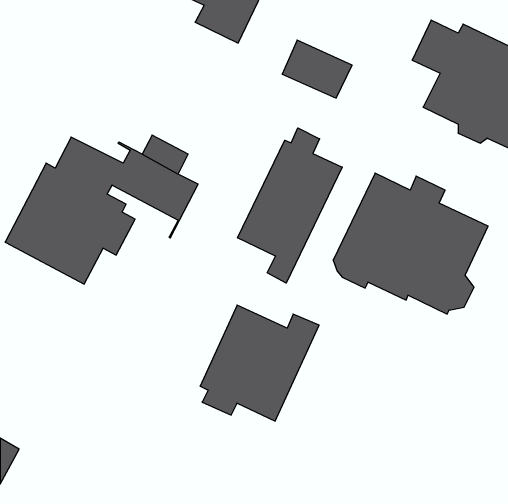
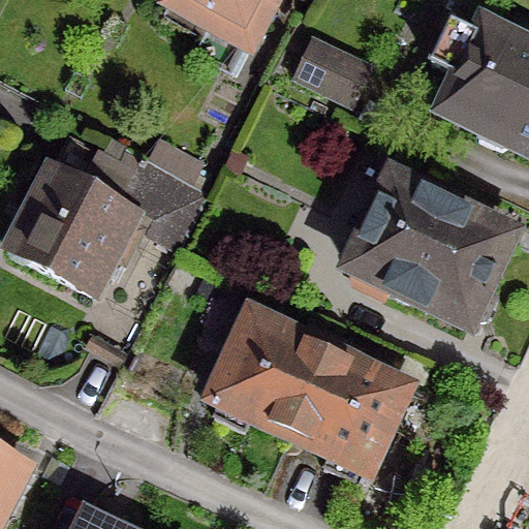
building: [238,128,342,283] -> none
building: none -> [287,336,404,479]

